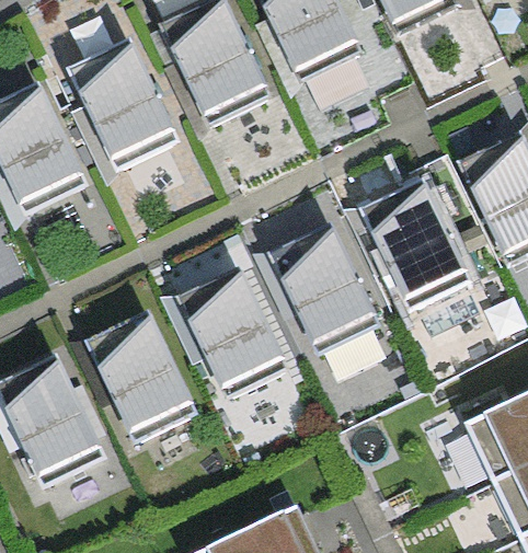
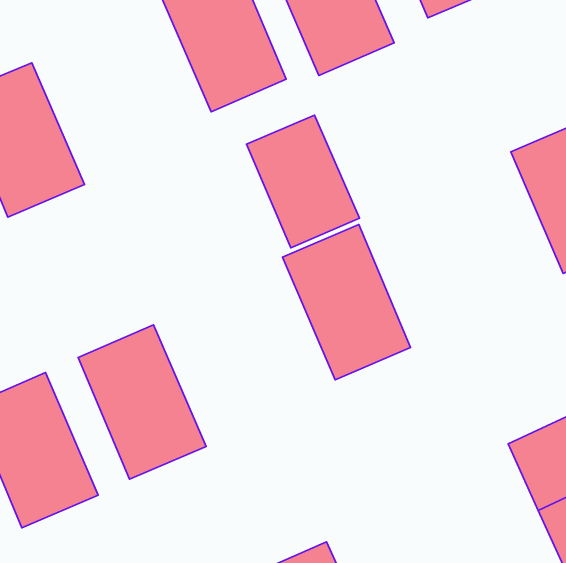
building: [68,38,180,173] -> none
building: none -> [247,115,360,248]
building: [360,180,472,315] -> none
building: [176,268,289,403] -> none

